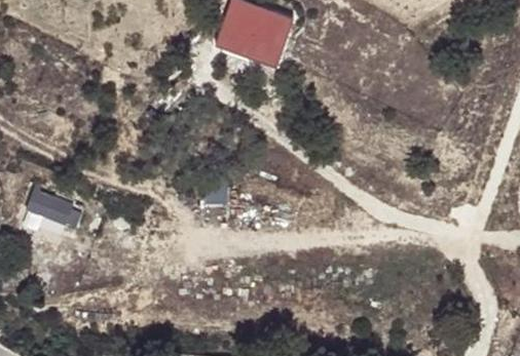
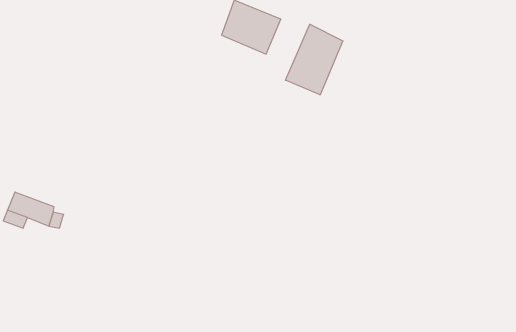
building: none -> [285,24,343,95]

